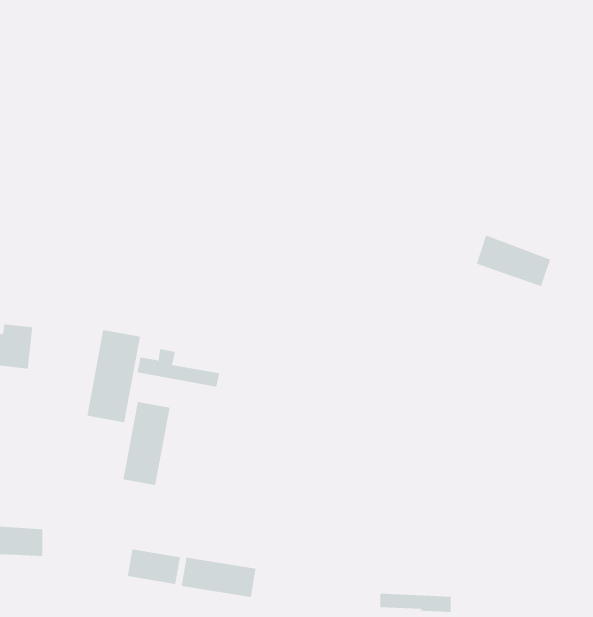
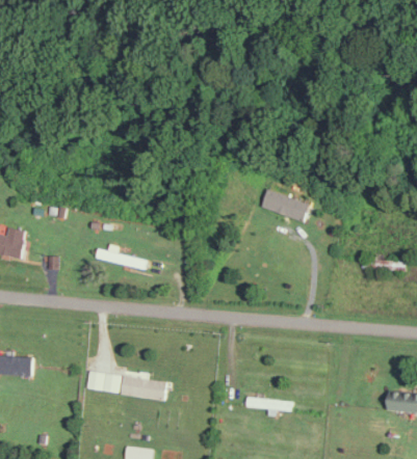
building: [476,235,551,287] -> [262,188,310,221]
building: [87,329,141,423] -> none
building: [123,401,170,486] -> none

